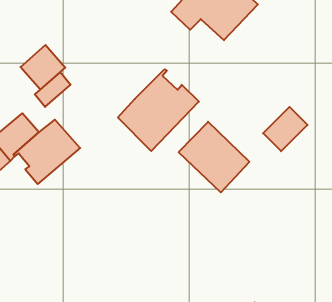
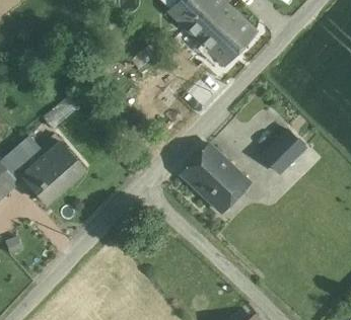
building: [20,45,65,89] -> none
building: [118,69,199,151] -> none

